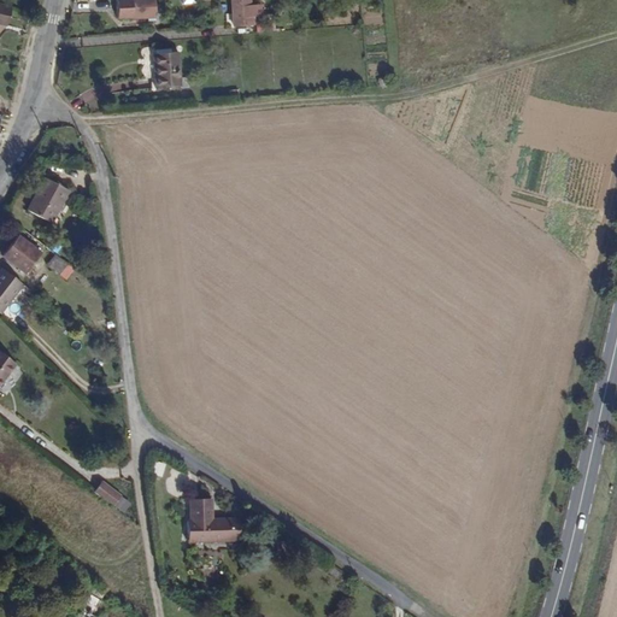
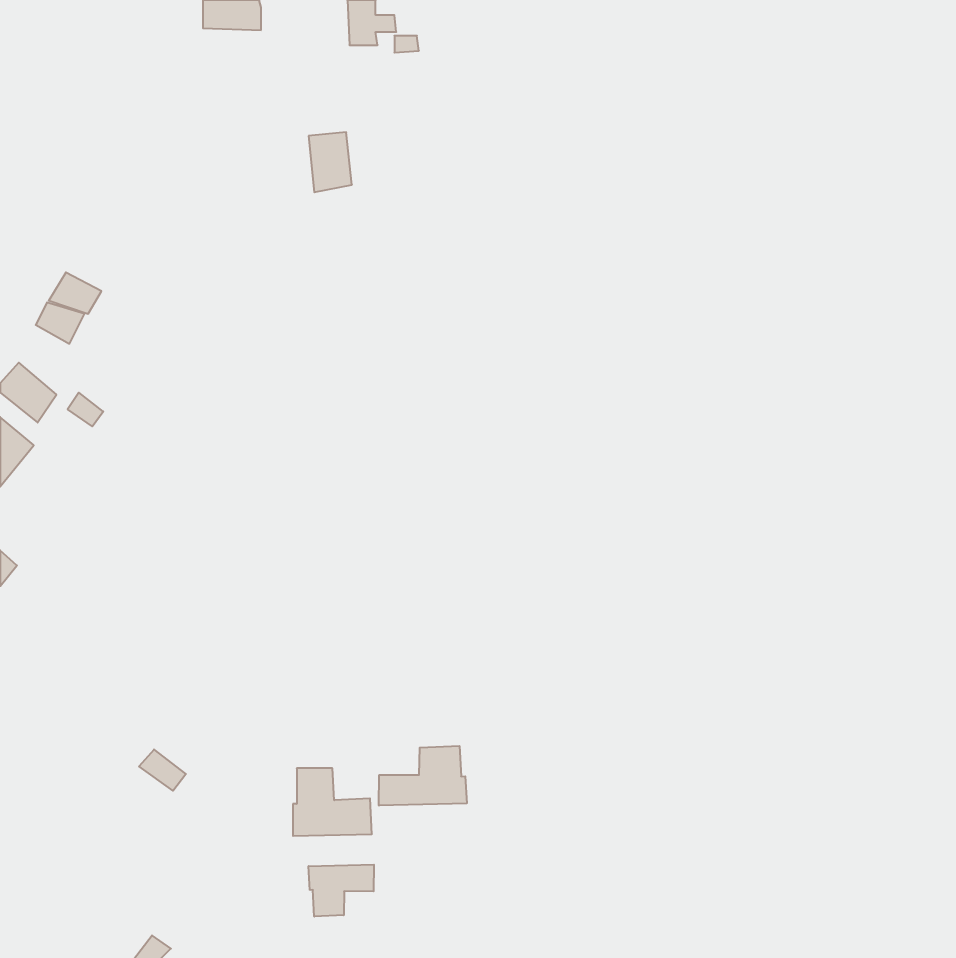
building: [152,53,180,92] -> [309,132,352,192]
building: none -> [379,746,467,806]
building: none -> [309,865,374,917]

